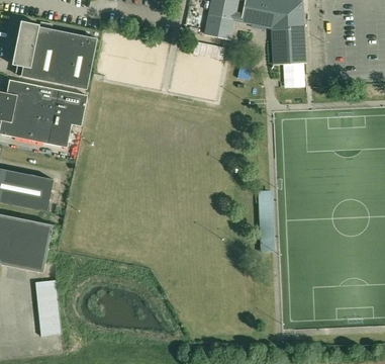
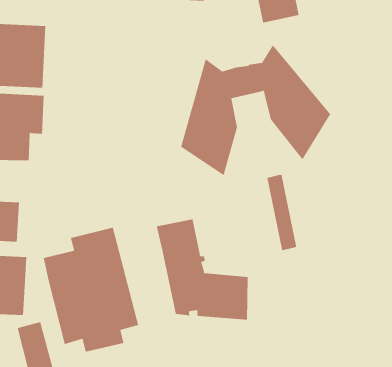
building: none -> [181,44,331,176]
building: none -> [43,227,139,352]
building: none -> [156,218,248,321]

